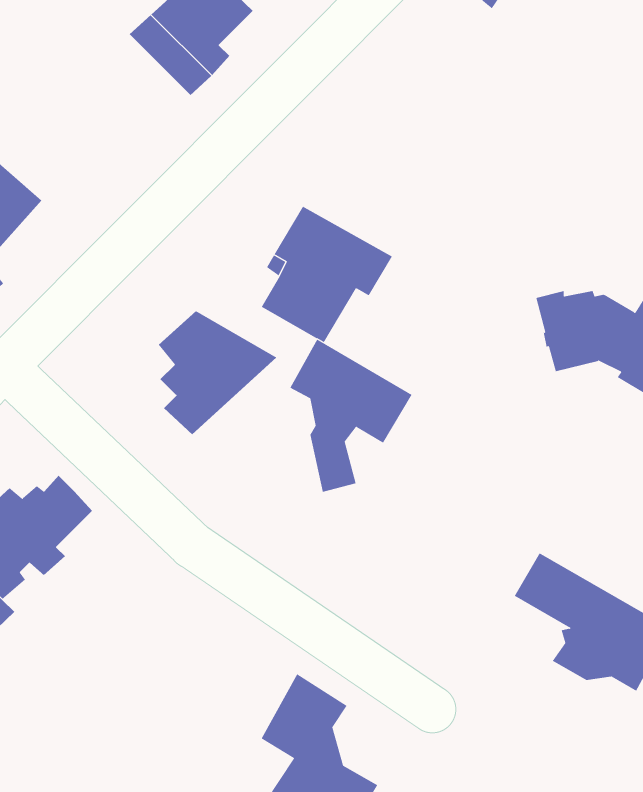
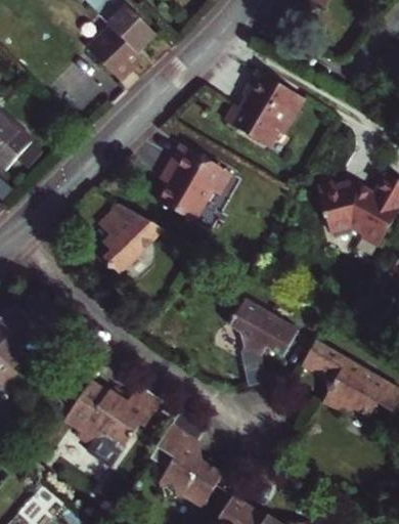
building: none -> [225,72,304,146]
building: [290,339,412,492] -> [229,298,299,385]
building: none -> [64,379,163,462]

